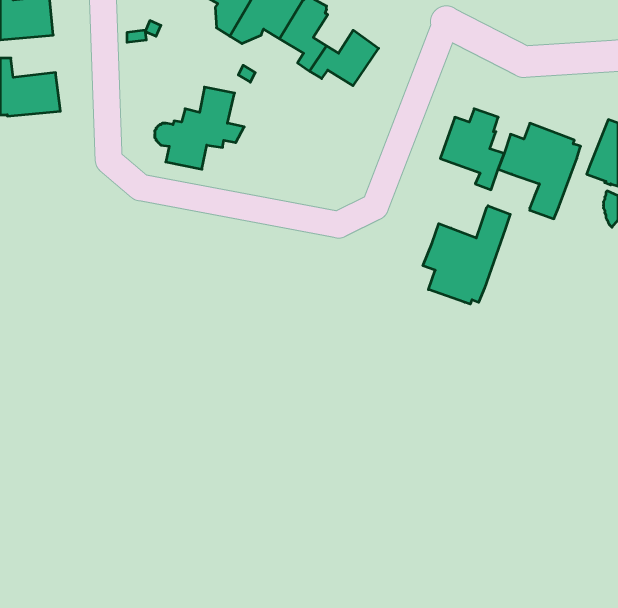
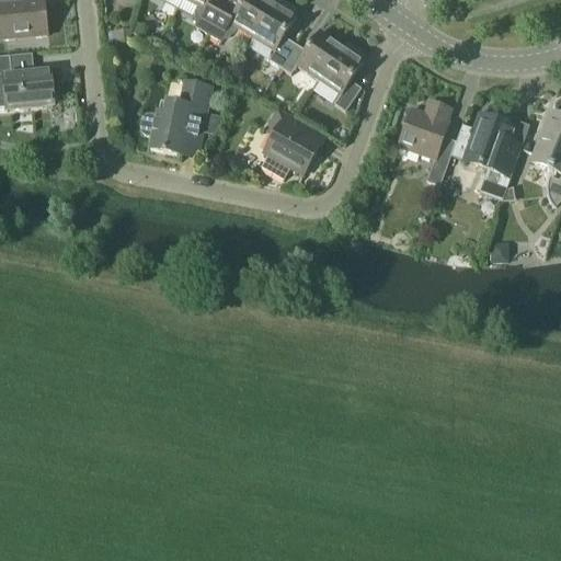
building: none -> [320,41,365,110]
building: none -> [261,106,319,176]
building: [423,206,510,304] -> none

